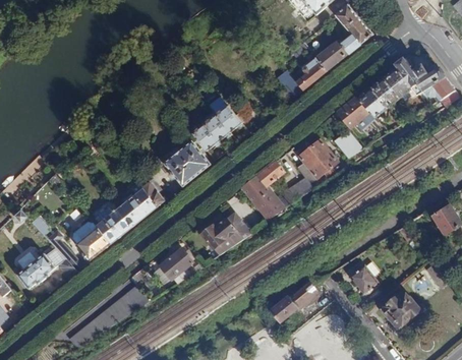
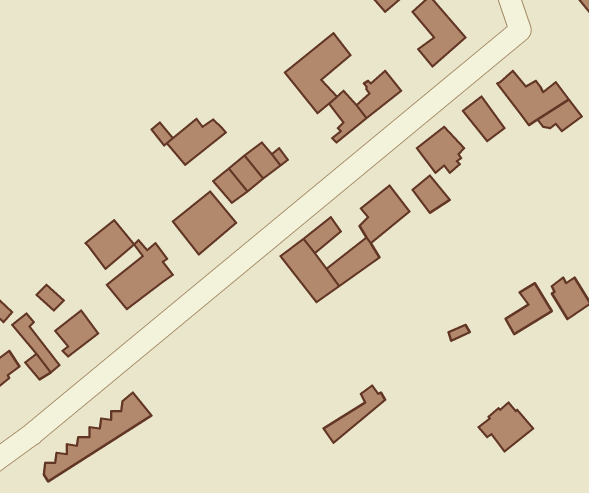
building: none -> [285,33,350,113]
building: [313,38,348,70] -> none
building: [383,65,411,97] -> none
building: [356,84,387,116] -> none
building: none -> [167,119,226,165]
building: none -> [506,283,552,334]
building: [97,207,131,242] -> [85,220,134,269]
building: [201,211,251,254] -> none
building: [160,246,193,281] -> none
building: [349,264,376,292] -> none

